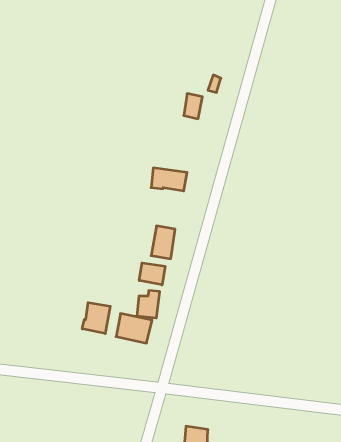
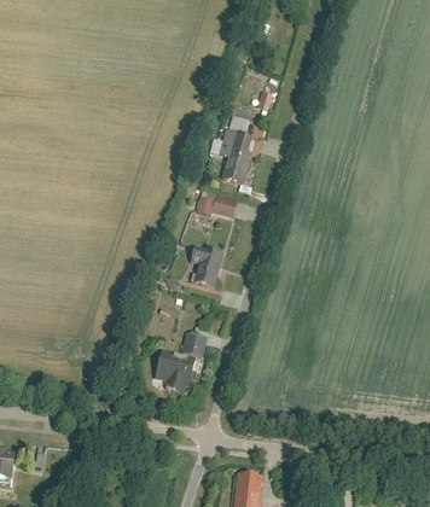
building: none -> [223,141,255,188]
building: [139,263,165,285] -> none
building: [82,303,110,334] -> none

